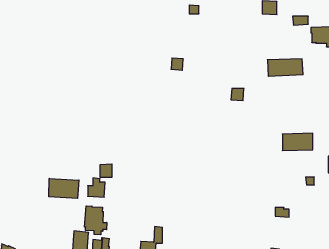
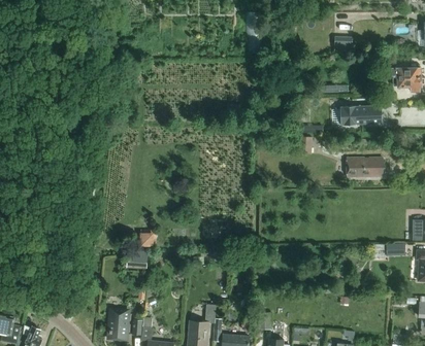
building: [282,133,313,151] -> [347,157,383,177]
building: [49,178,79,198] -> none
building: [85,206,107,235] -> none

